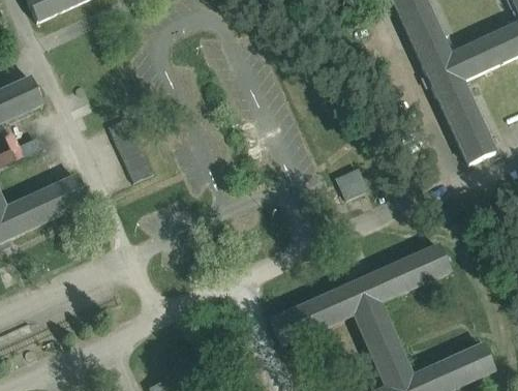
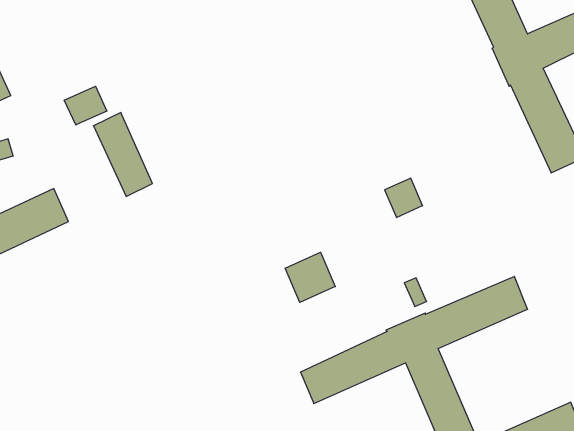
building: none -> [64,86,107,125]
building: none -> [285,252,335,302]

